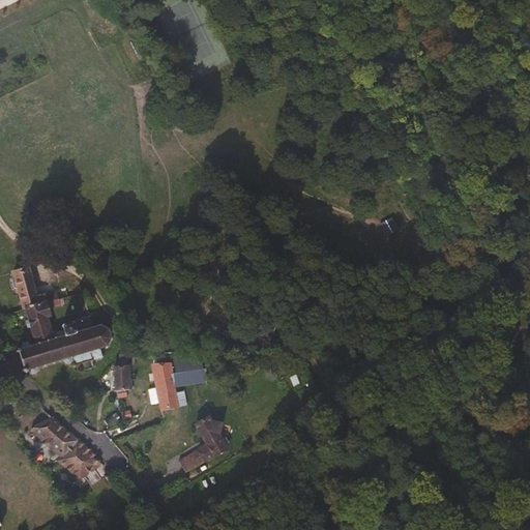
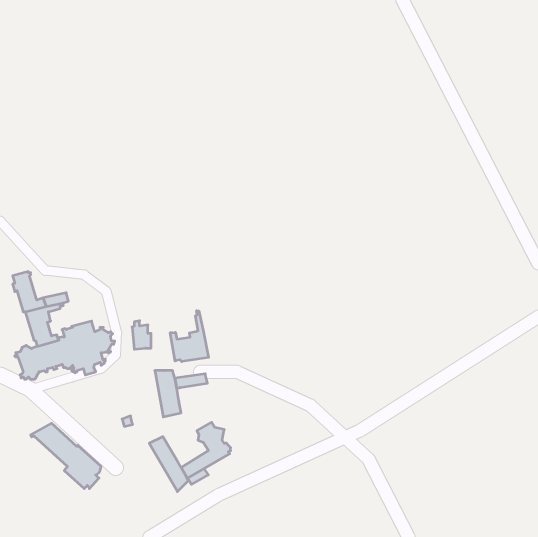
building: none -> [170,311,209,362]
building: [112,361,130,389] -> [132,321,151,349]
building: none -> [149,437,188,492]

